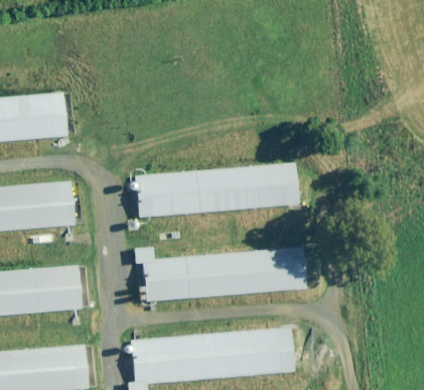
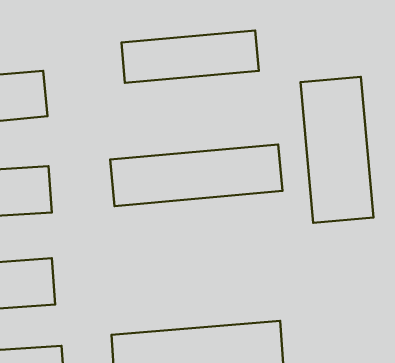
building: none -> [121,30,259,83]
building: none -> [301,77,373,223]
building: [140,245,299,301] -> none

